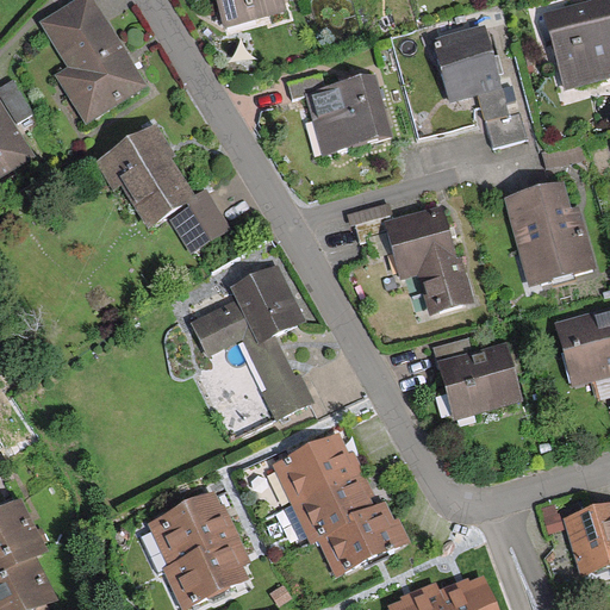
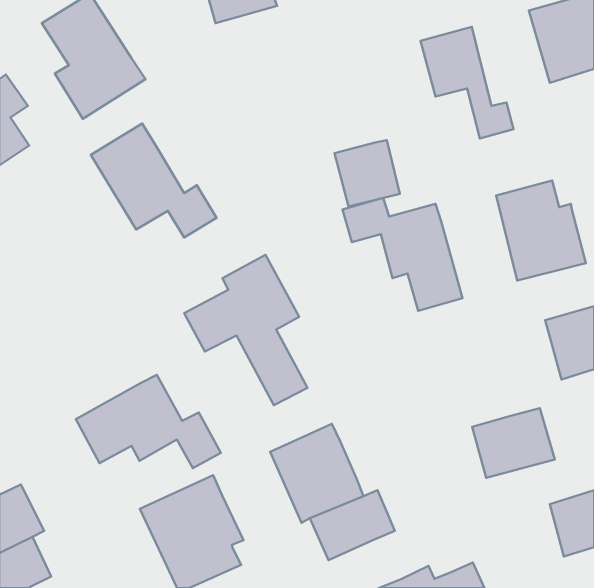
building: [309,81,375,149] -> [334,140,400,207]
building: [441,351,525,423] -> [472,408,555,478]
building: none -> [76,375,221,468]

